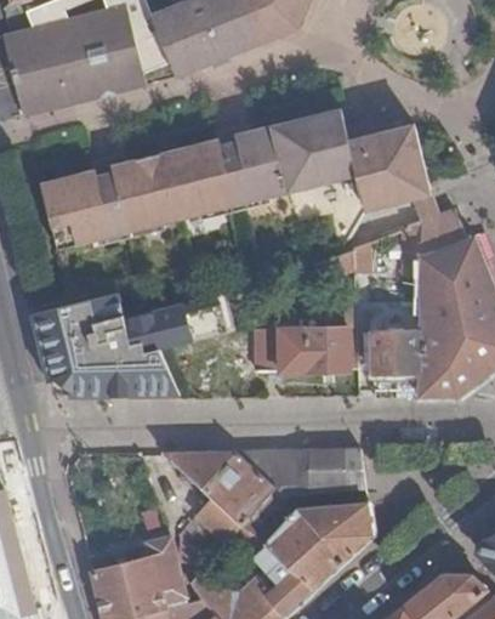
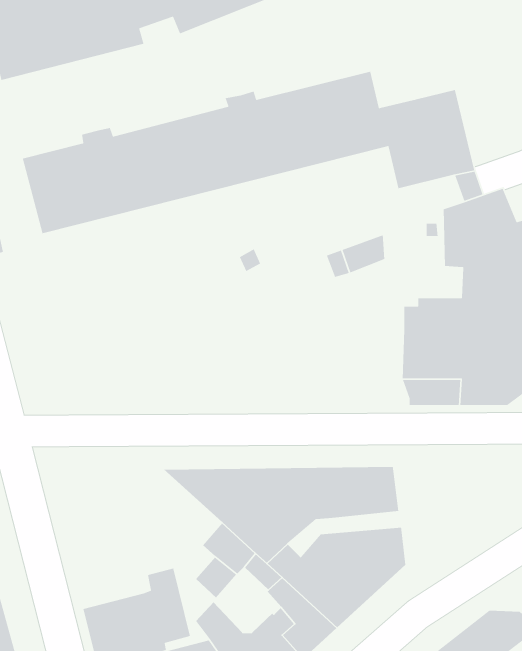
building: [32,293,189,398] -> none
building: [257,328,358,371] -> none

